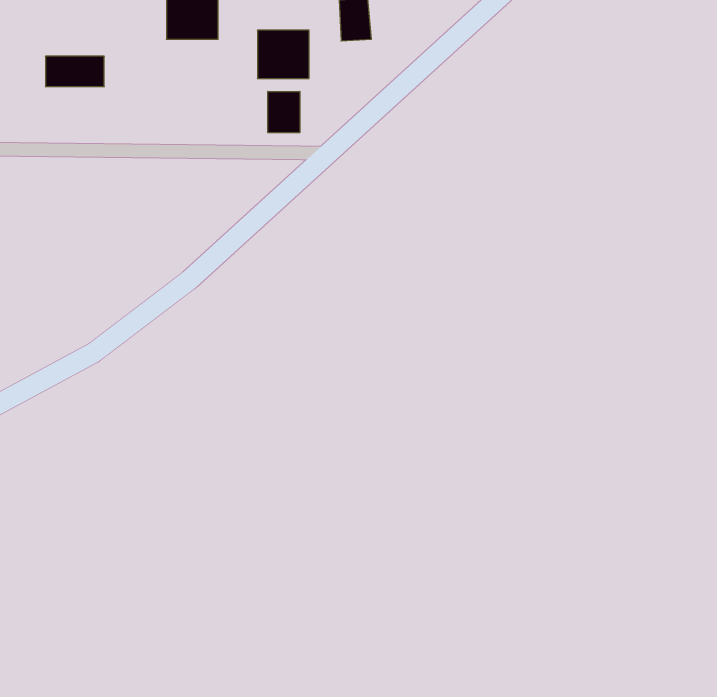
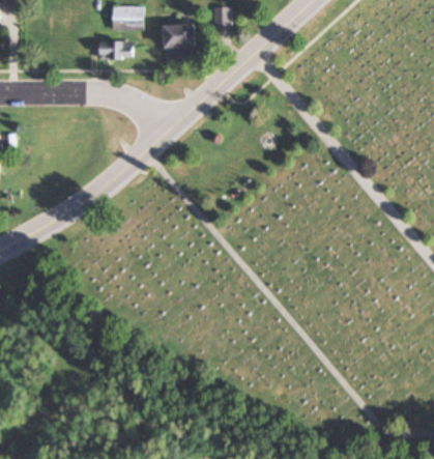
building: [45,56,104,87] -> [97,39,132,57]
building: [268,91,300,133] -> none

